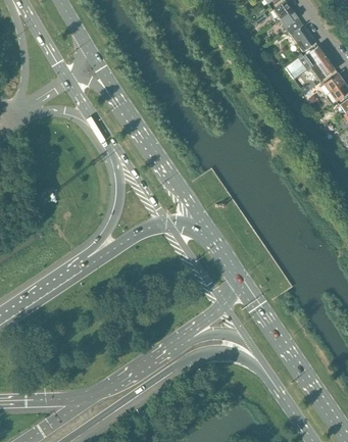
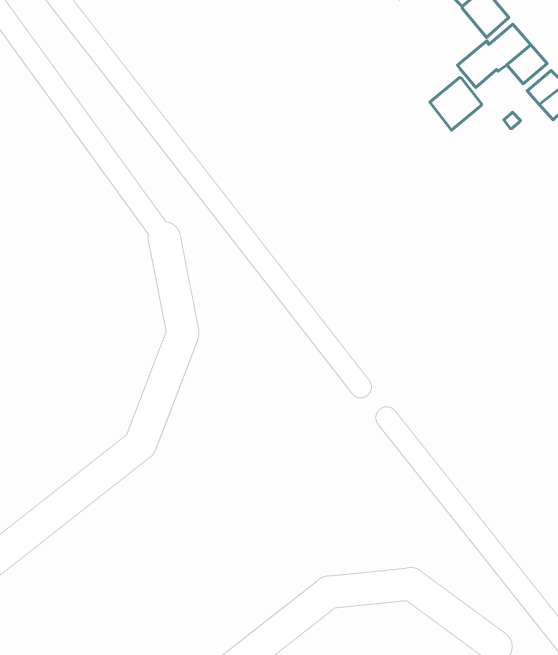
building: none -> [430,78,481,130]

